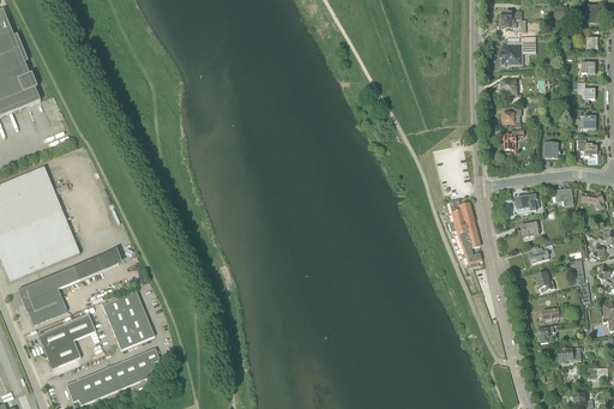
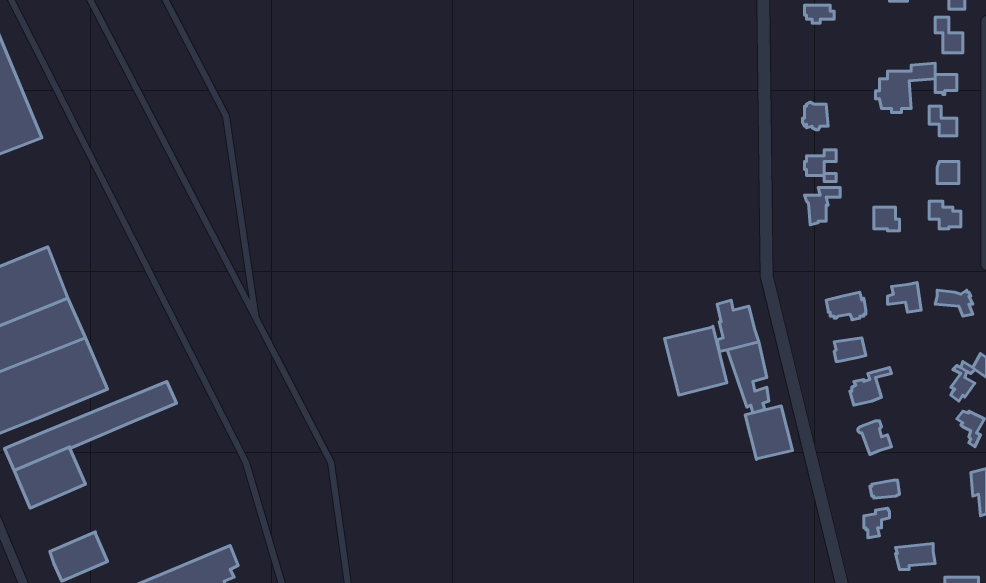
building: [500,35,536,65] -> [876,63,935,113]
building: none -> [665,326,727,395]
building: none -> [745,406,792,460]
building: [102,290,155,349] -> none
building: [38,312,96,350] -> none

